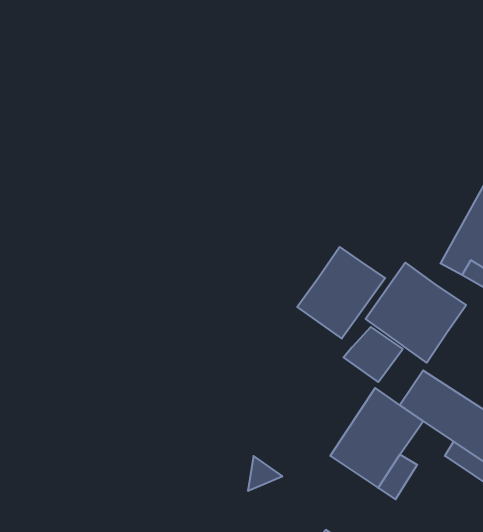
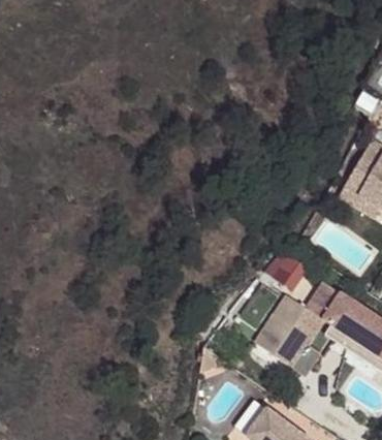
building: [297,247,385,339] -> none
building: [366,263,466,363] -> none

